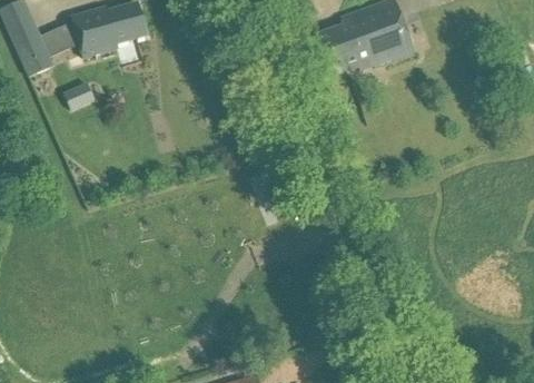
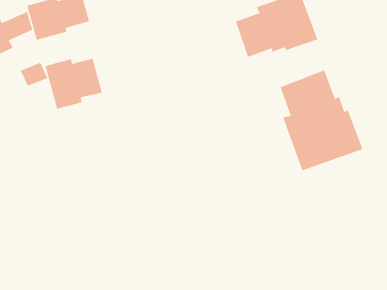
building: none -> [45,58,103,109]
building: none -> [280,70,363,171]

